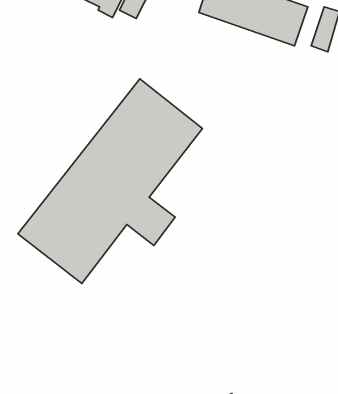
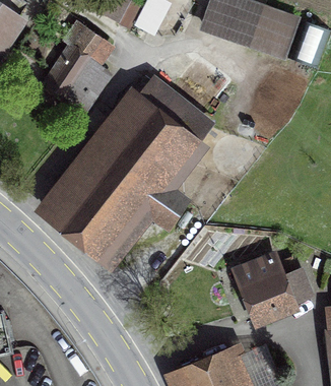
building: none -> [45,24,110,114]
building: none -> [238,258,308,317]

